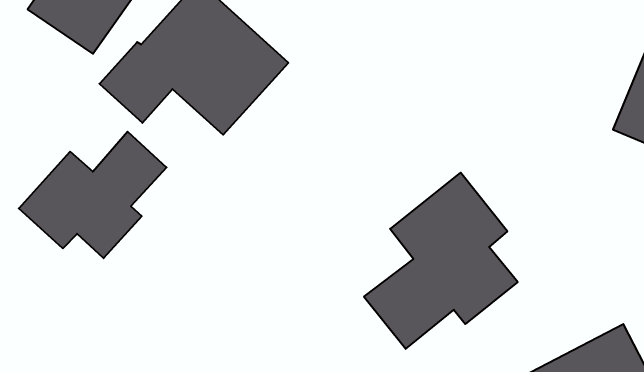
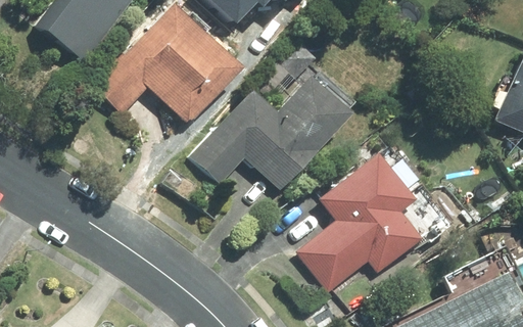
building: none -> [194,77,349,189]
building: [19,132,167,258] -> none

